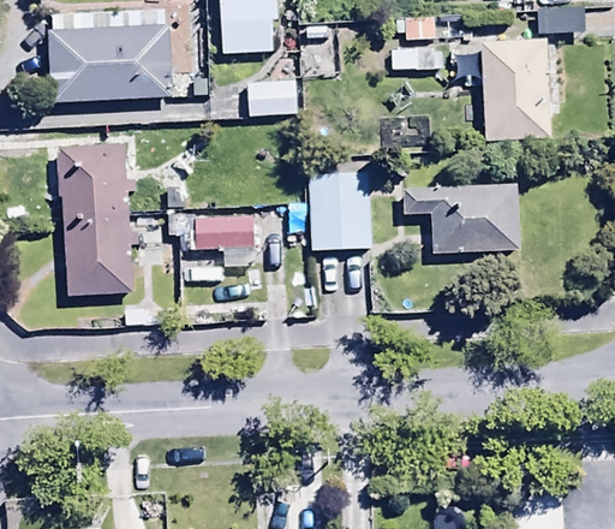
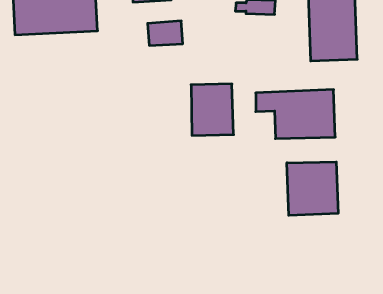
building: [56,143,132,293] -> none
building: [166,212,255,266] -> none
building: none -> [287,162,338,215]

